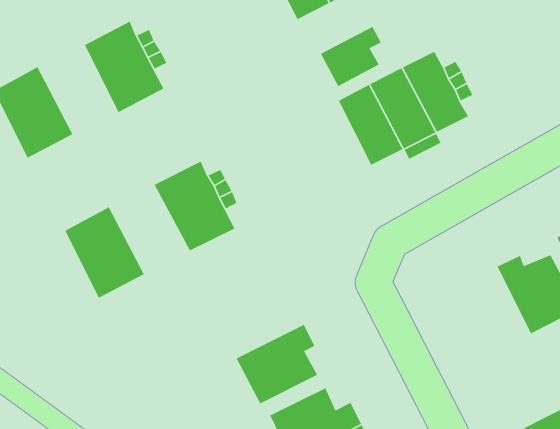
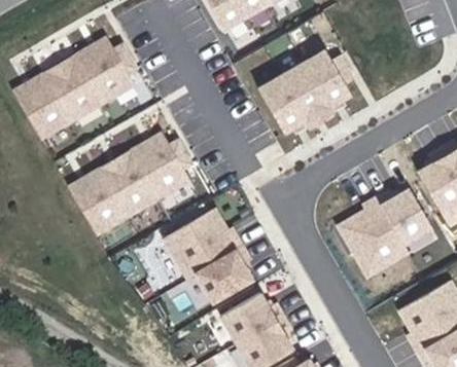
building: [320,26,382,87] -> none
building: none -> [37,58,97,122]
building: none -> [95,154,154,219]
building: none -> [339,196,409,276]
building: none -> [160,212,240,281]

